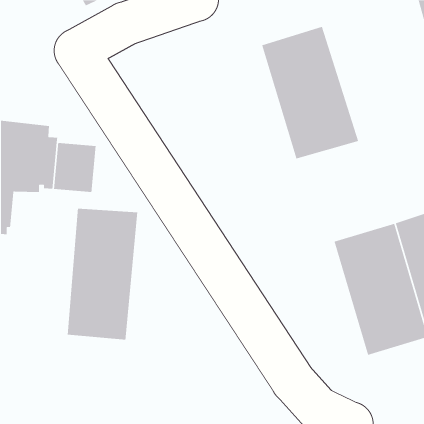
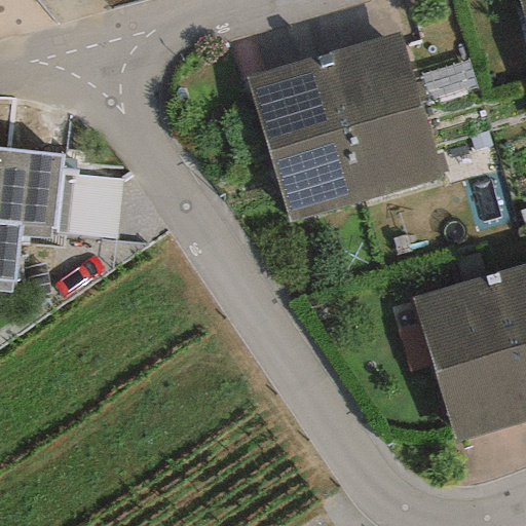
building: none -> [248,55,367,221]
building: [67,208,138,340] -> none

